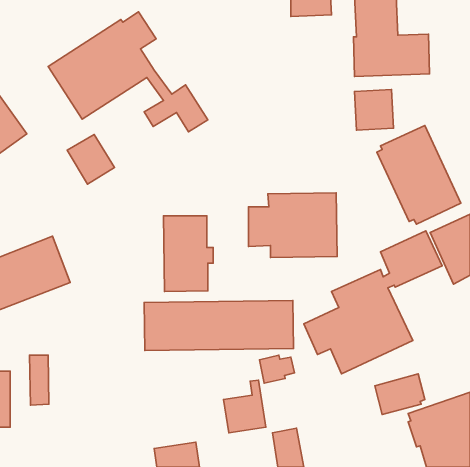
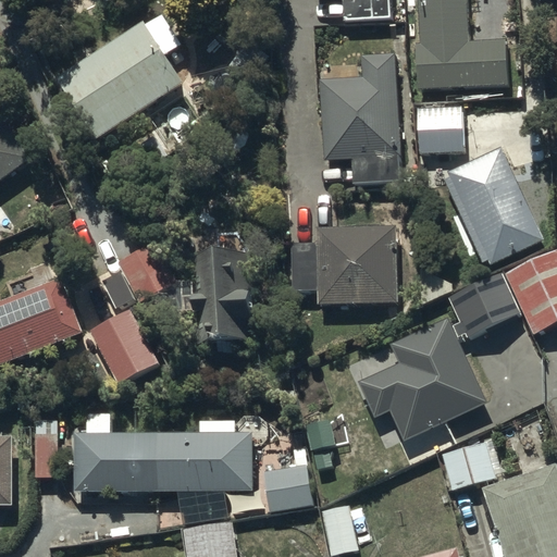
building: none -> [321,53,401,183]
building: [67,134,114,184] -> [116,244,172,302]
building: none -> [91,309,161,384]
building: [144,301,294,350] -> [75,433,251,492]

